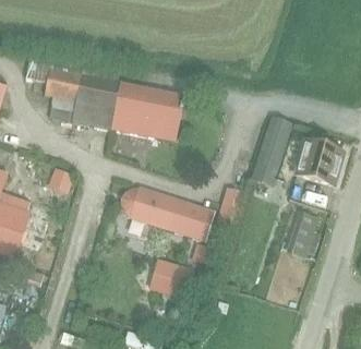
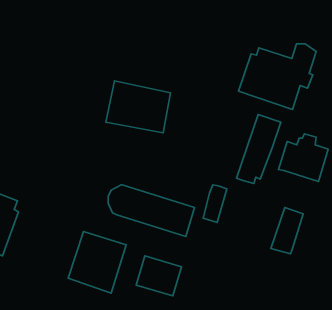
building: none -> [238,44,316,109]
building: [27,53,122,128] -> none
building: none -> [68,231,126,293]

